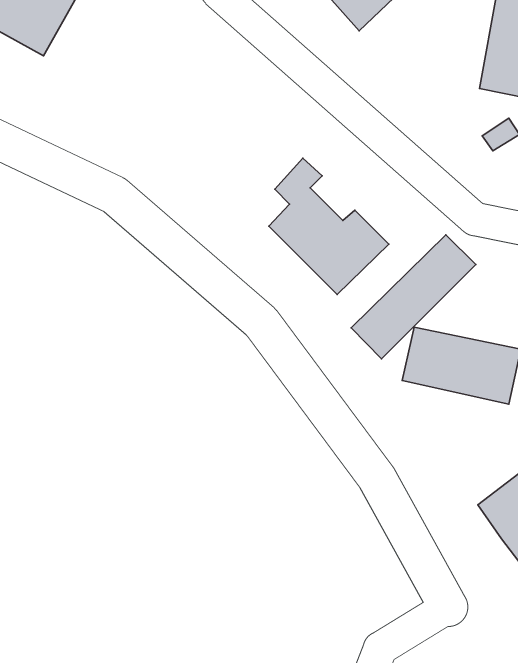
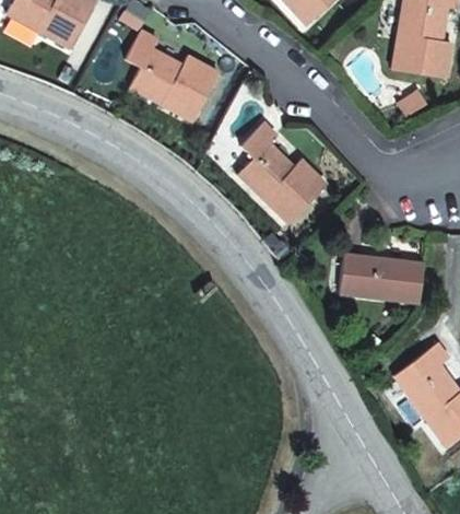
building: none -> [127,30,221,120]
building: [351,235,476,359] -> none

